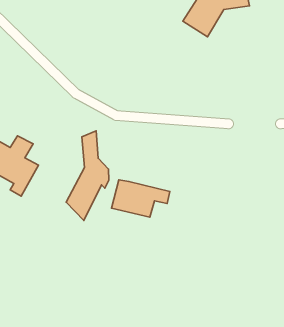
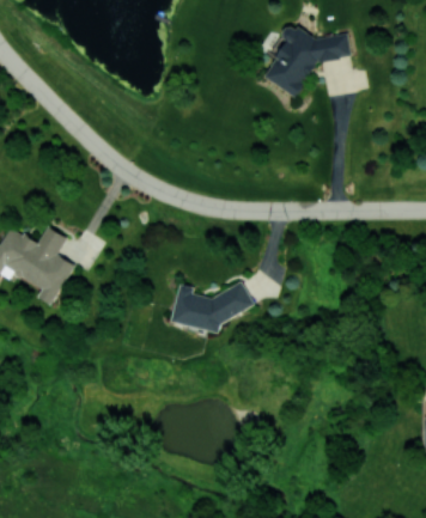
building: [66,131,109,220] -> none

